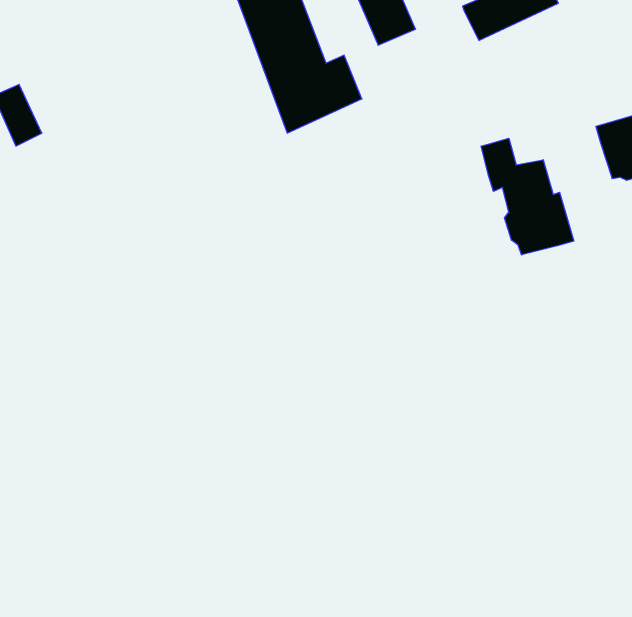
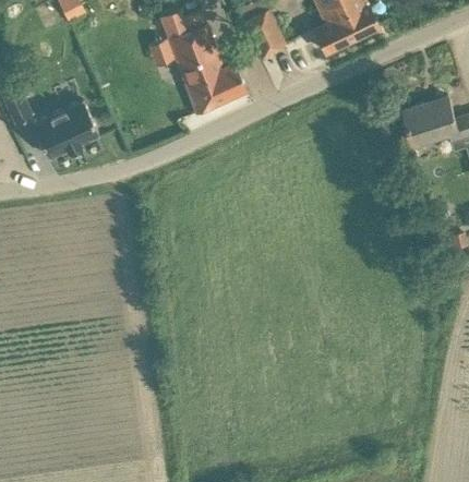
building: none -> [33,101,98,157]
building: [481,138,574,255] -> none

